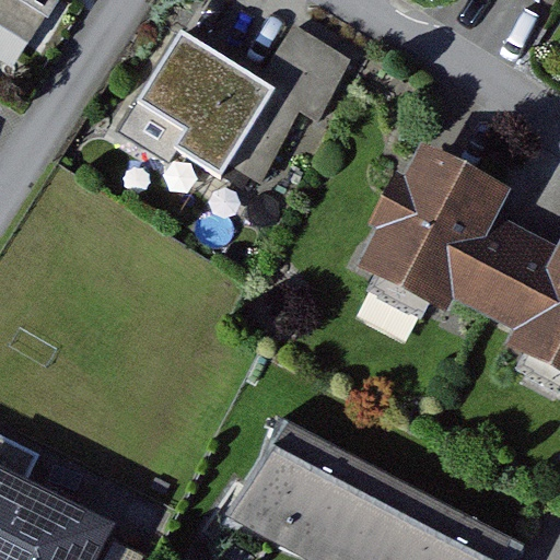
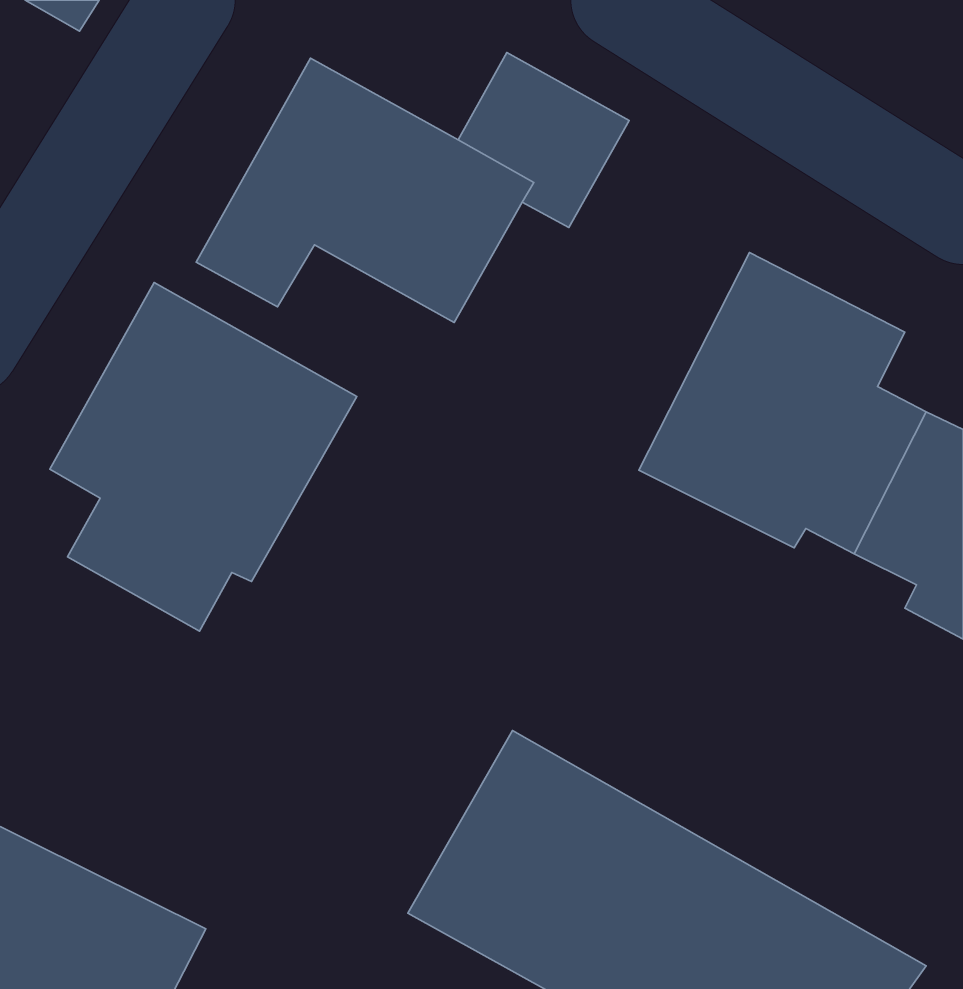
building: none -> [50,283,357,631]

